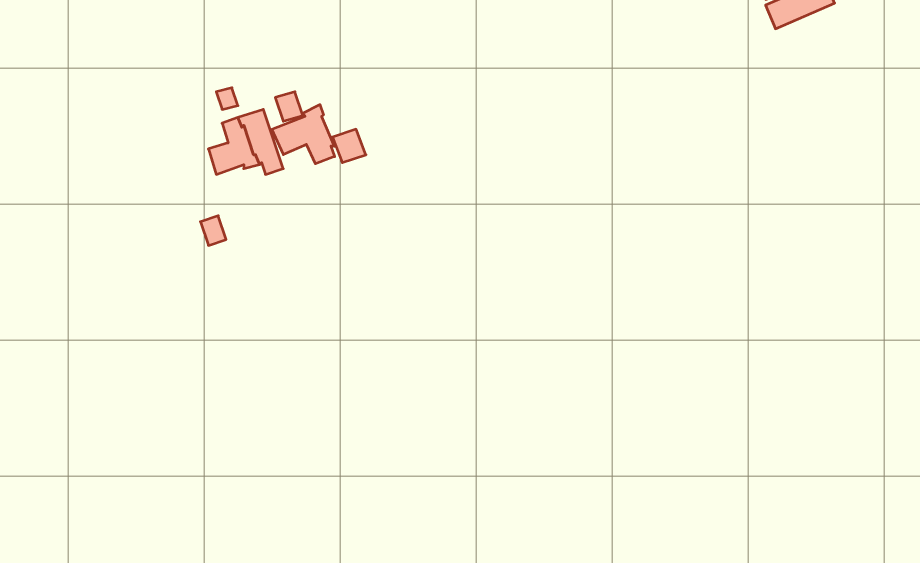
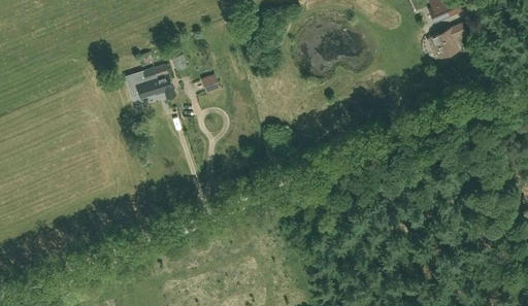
building: none -> [430,24,465,59]
building: [272,105,335,164] -> none

